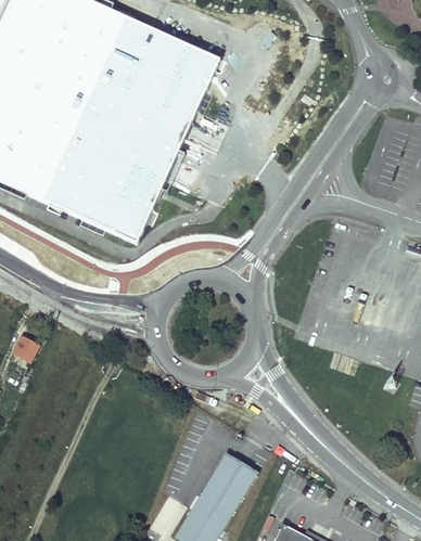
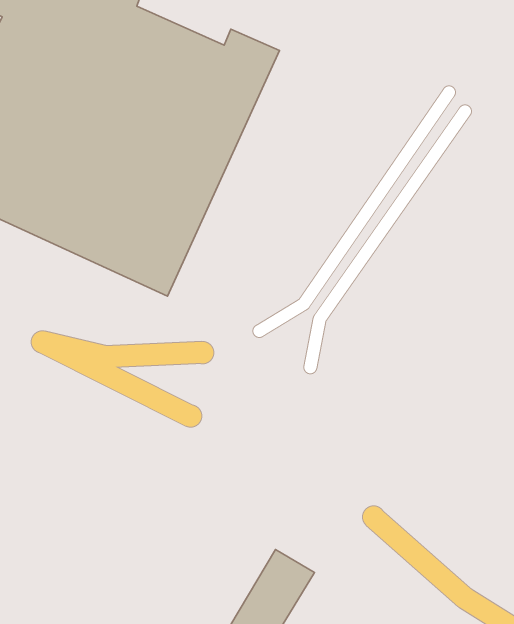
building: [10,333,39,361] -> none

